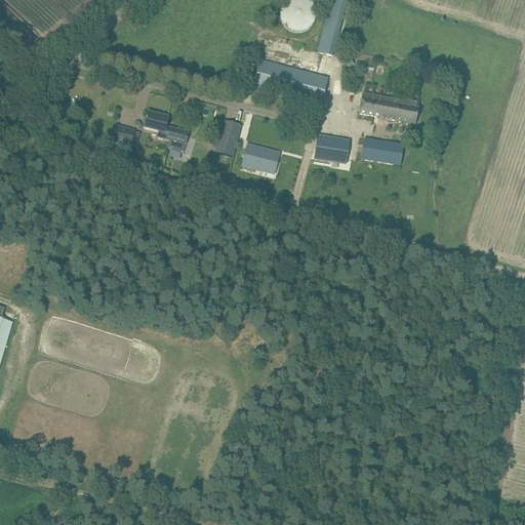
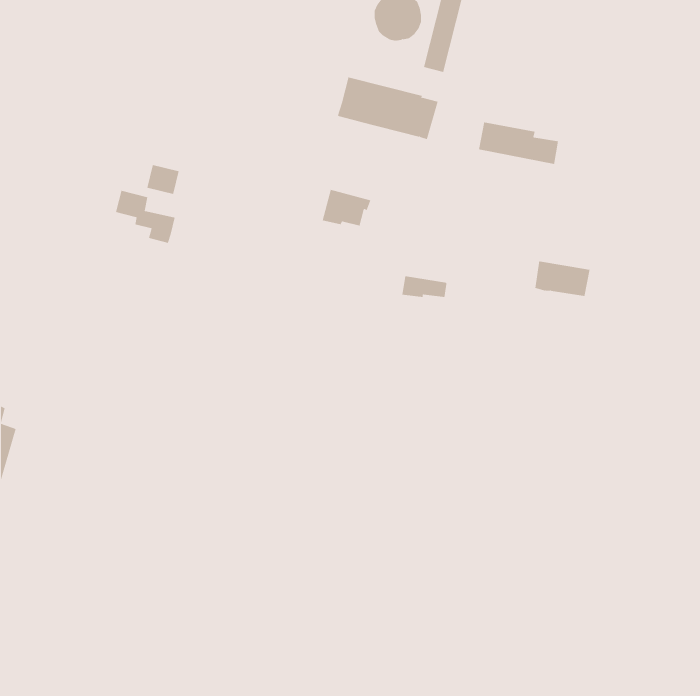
building: [144,110,189,150] -> [115,190,175,244]
building: [215,119,241,155] -> none
building: [314,133,350,160] -> [401,262,449,298]
building: [361,136,403,163] -> [534,261,591,297]

